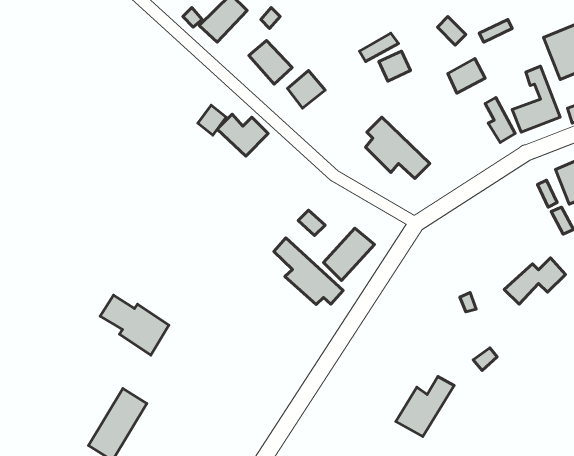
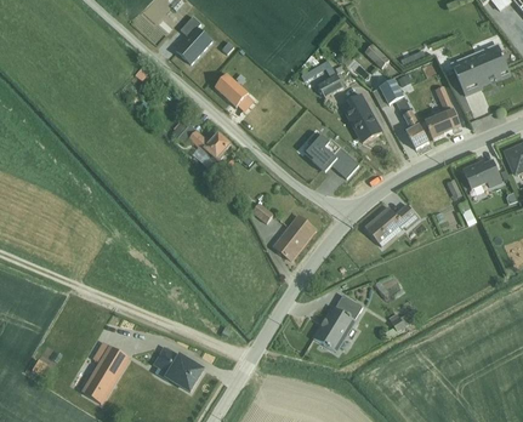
building: none -> [343,92,382,143]
building: [274,238,343,304] -> none
building: [504,258,566,304] -> [364,203,414,240]
building: [100,295,169,355] -> [149,344,205,393]
building: [396,377,454,437] -> [312,301,359,349]

